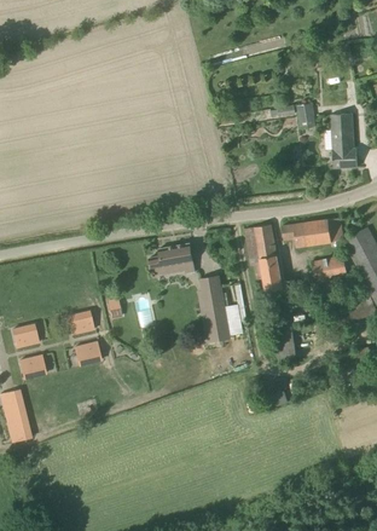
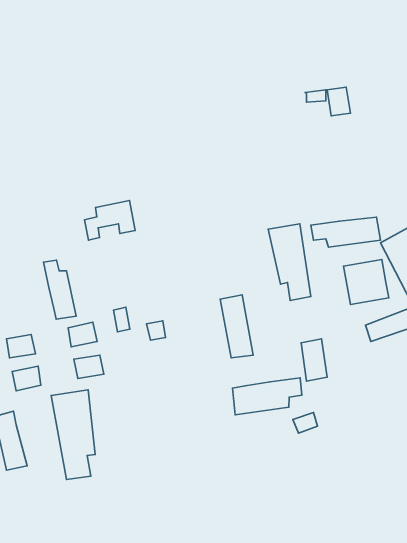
building: [331,114,358,168] -> none
building: [150,243,195,278] -> [84,201,135,240]
building: none -> [44,260,76,319]
building: none -> [232,378,302,415]
building: none -> [51,390,95,479]

